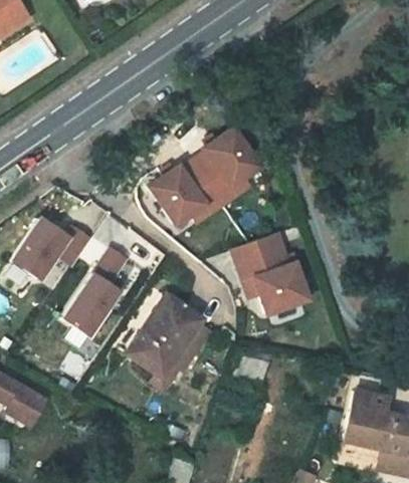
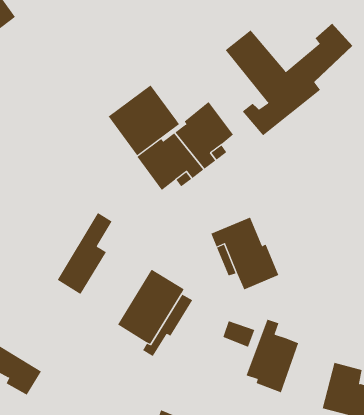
building: none -> [225,23,353,136]
building: none -> [108,85,180,156]
building: [13,208,91,268] -> none
building: none -> [246,319,299,393]

